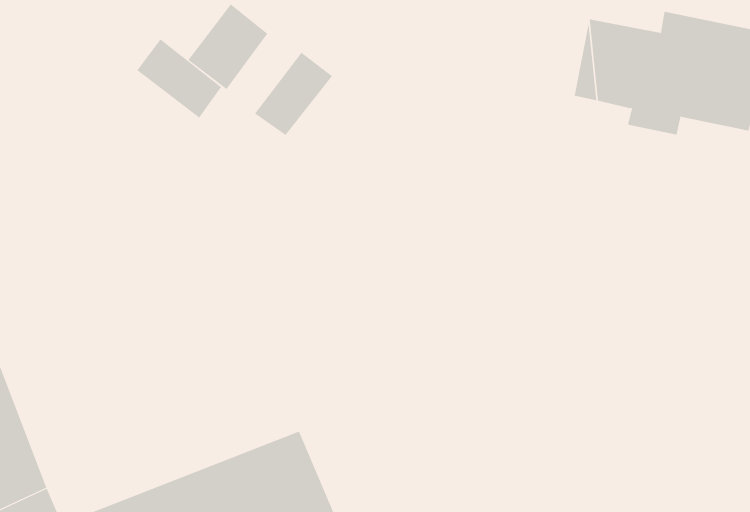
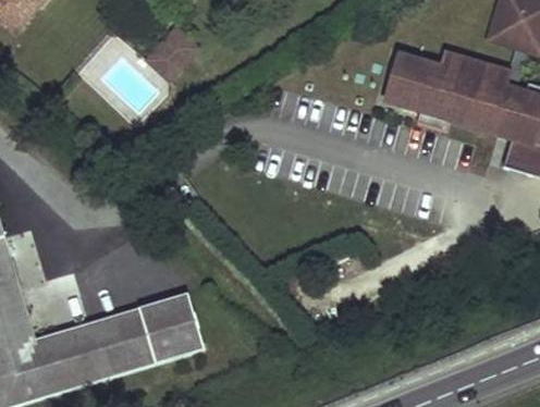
building: [136,39,222,119] -> none
building: [254,52,333,136] -> none

